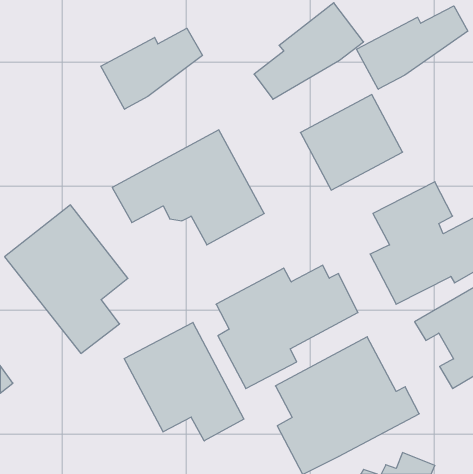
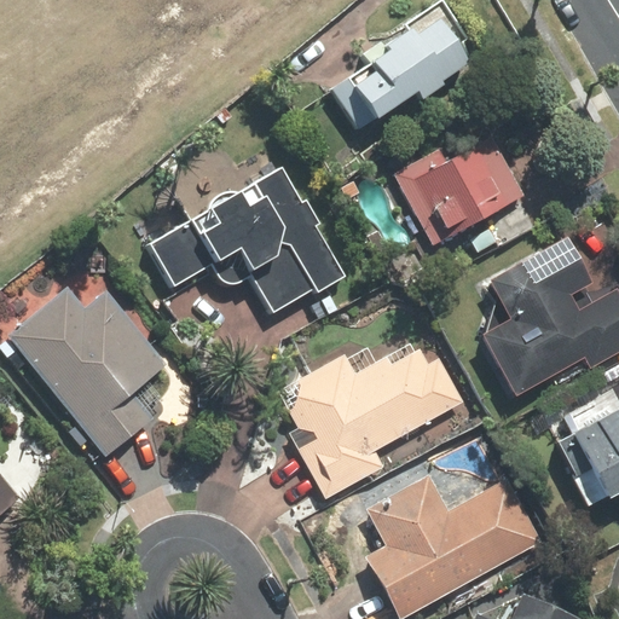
building: [357,6,468,89] -> none
building: [101,28,202,109] -> none
building: [124,322,244,441] -> none

